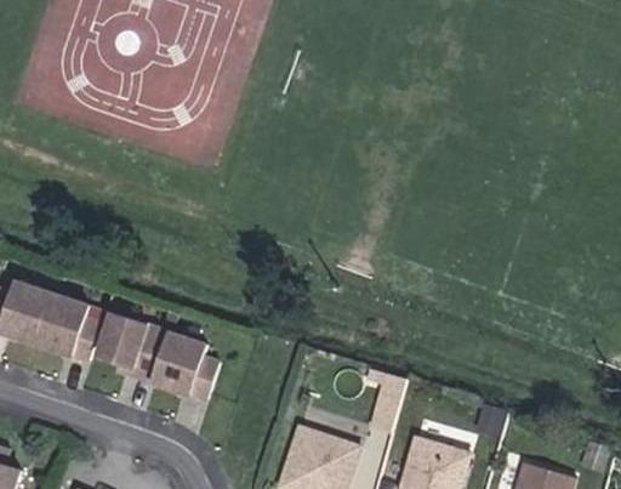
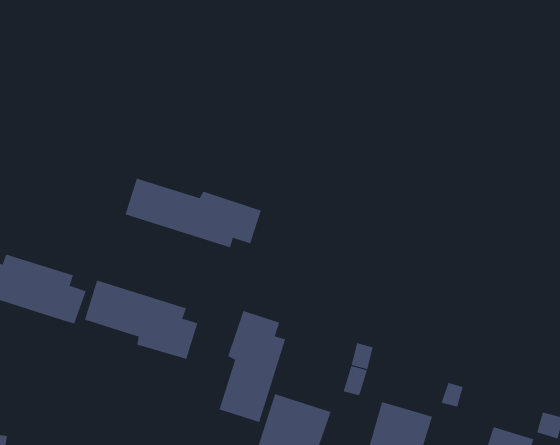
building: none -> [125,178,261,248]
building: none -> [219,310,286,423]

